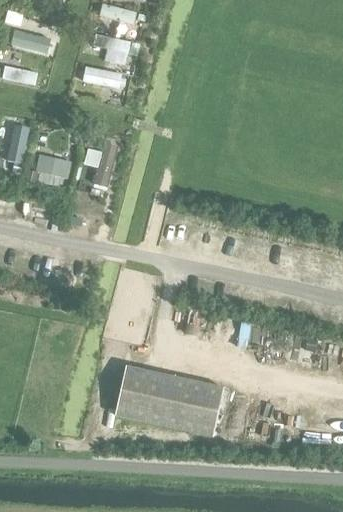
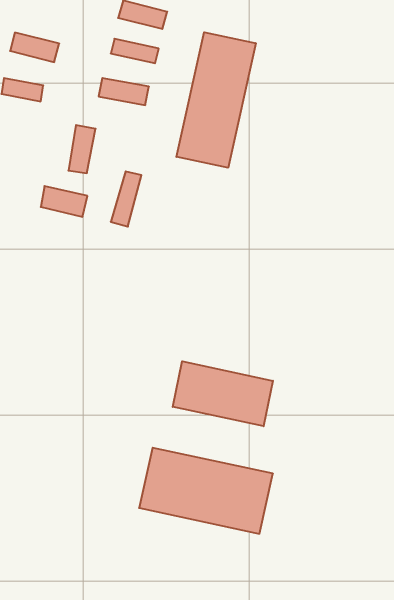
building: none -> [176,32,256,168]
building: [7,123,29,162] -> [68,125,96,173]
building: none -> [173,361,273,426]

